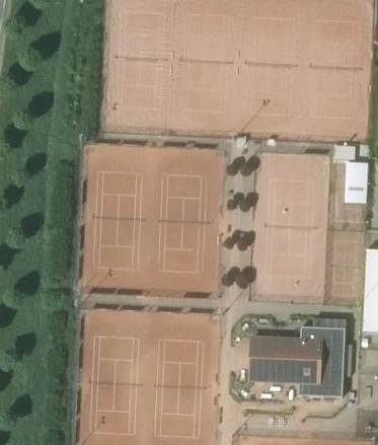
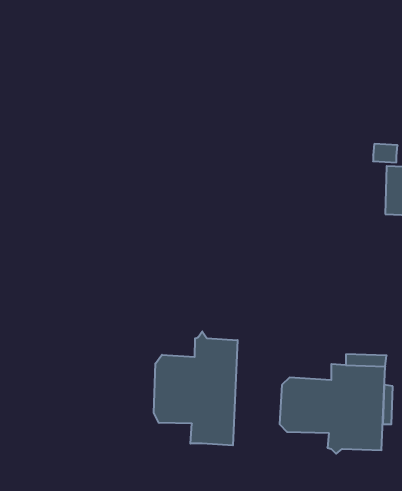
building: none -> [154,331,238,445]

